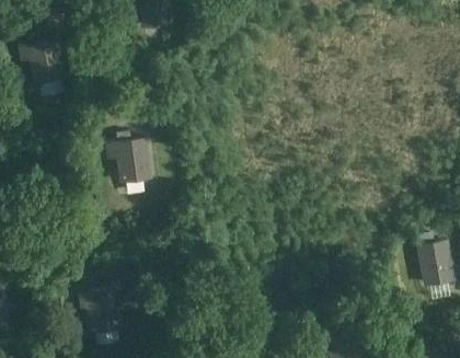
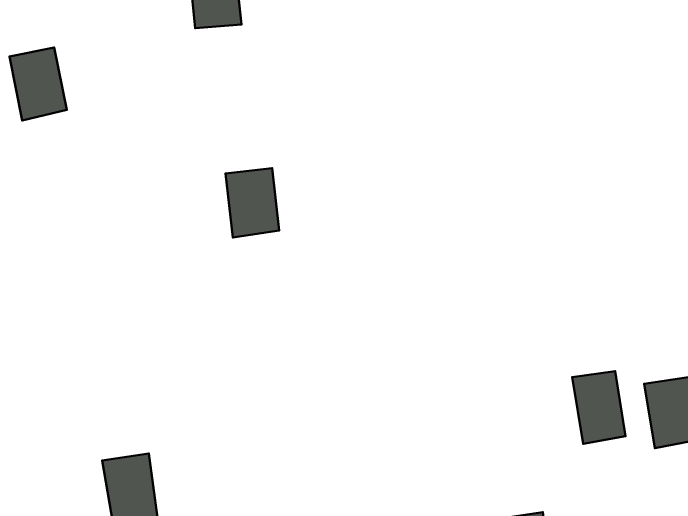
building: [117,140,150,183] -> [226,168,279,238]
building: none -> [572,371,626,444]

